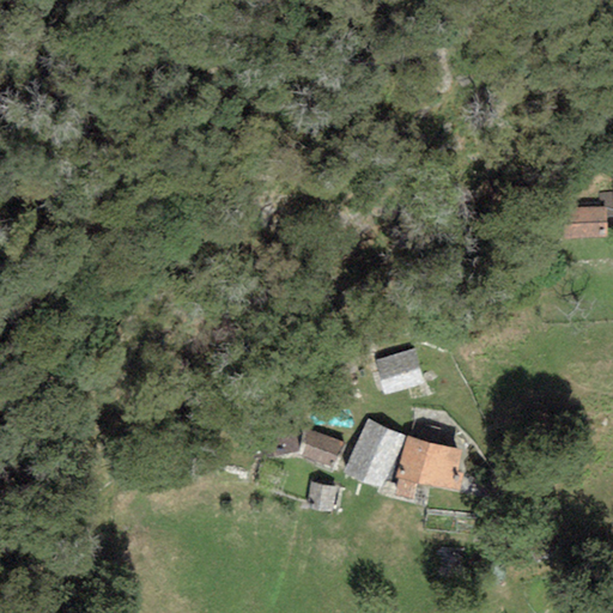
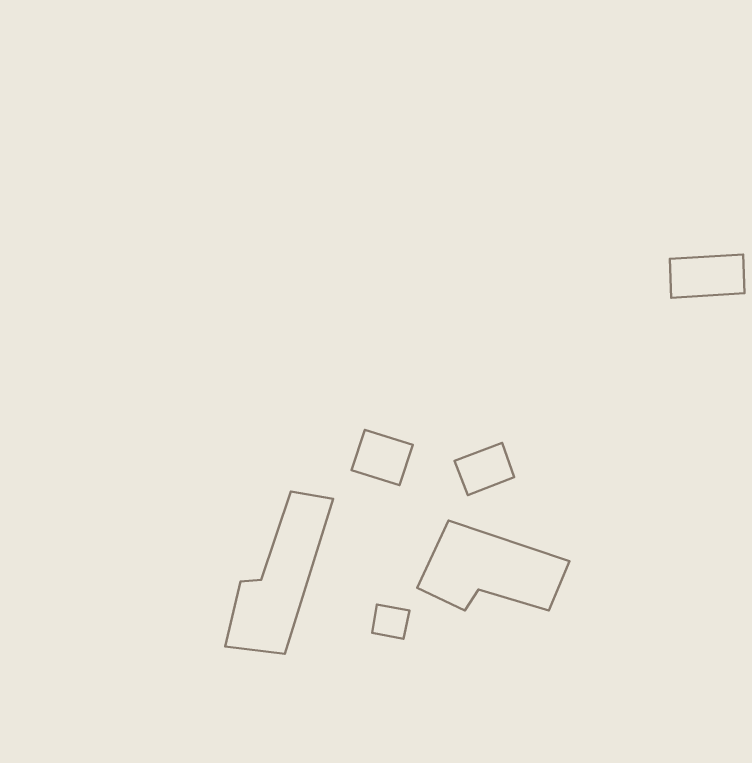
building: none -> [225,491,333,654]
building: [297,425,346,469] -> [351,430,413,485]

